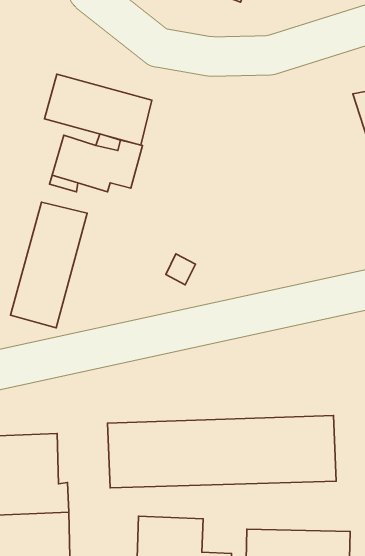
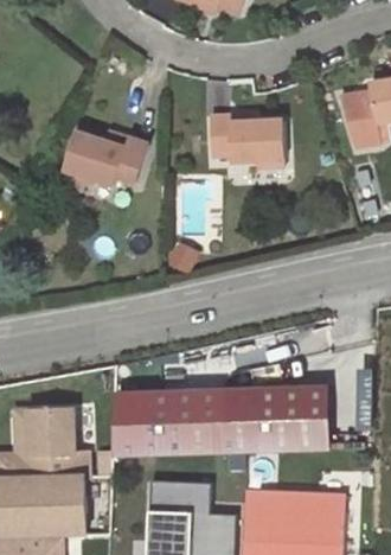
building: [45,74,152,145] -> none
building: none -> [213,113,288,159]
building: [11,202,87,328] -> none

